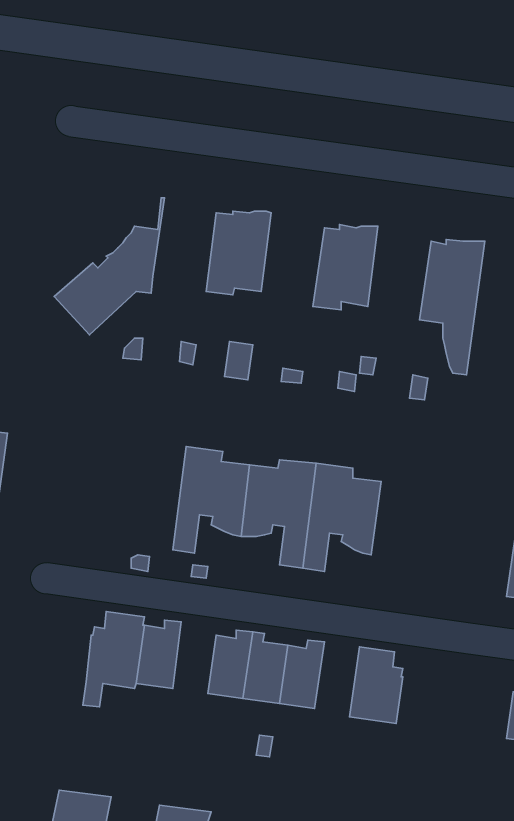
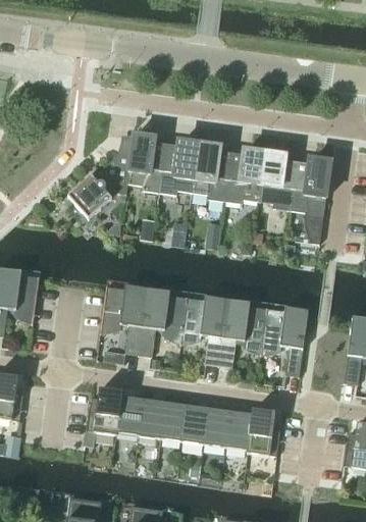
building: none -> [127,135,166,192]
building: none -> [194,144,232,201]
building: none -> [259,152,298,209]
building: none -> [100,284,148,350]
building: none -> [261,306,308,372]
building: none -> [140,394,166,437]
building: none -> [226,406,254,452]

